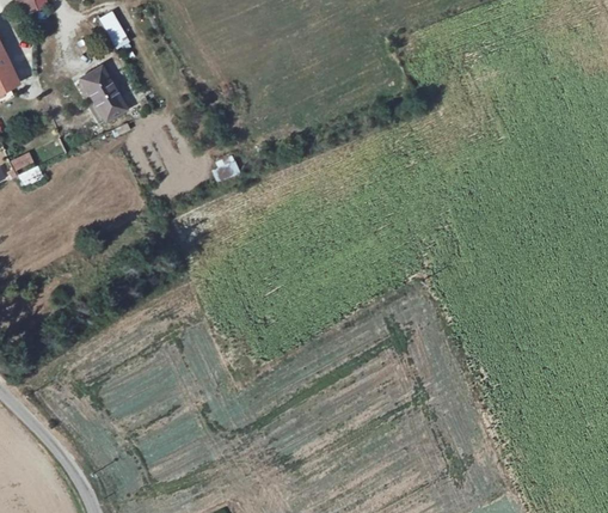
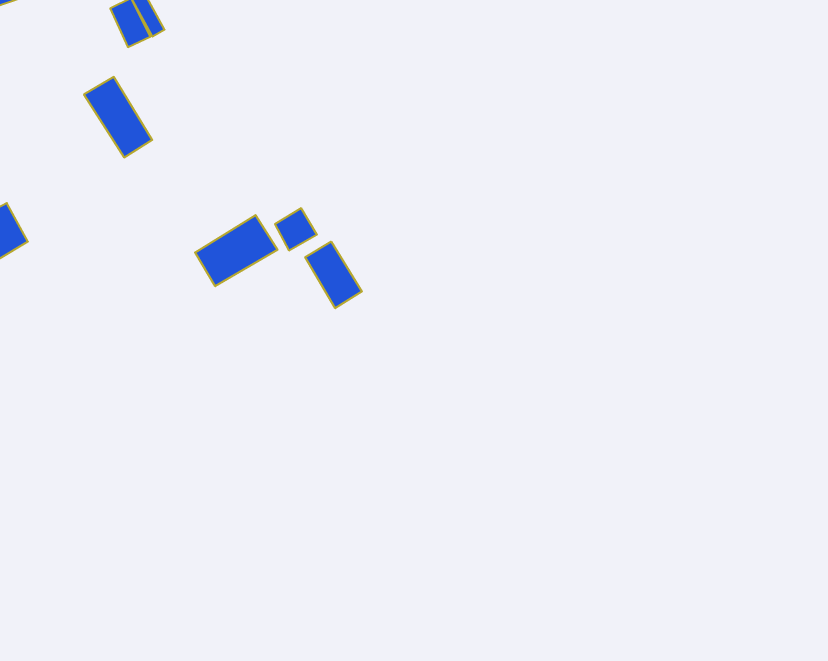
building: none -> [195,215,277,286]
building: none -> [305,242,362,308]

